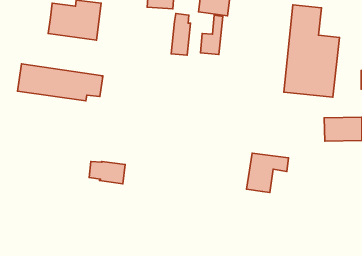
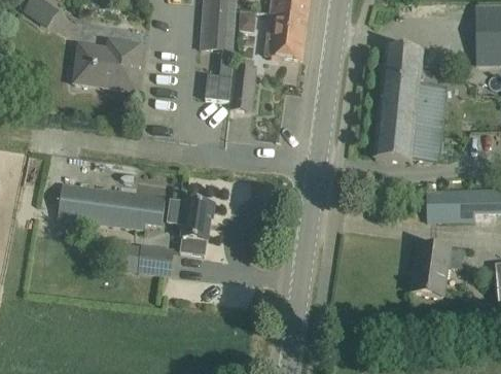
building: [200,15,223,54] -> [205,49,234,100]
building: [18,64,103,101] -> [57,182,166,230]
building: none -> [170,200,214,253]
building: [247,153,288,192] -> [411,244,465,295]

